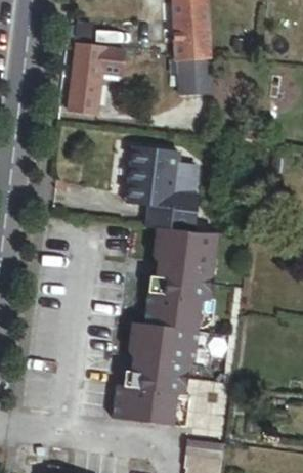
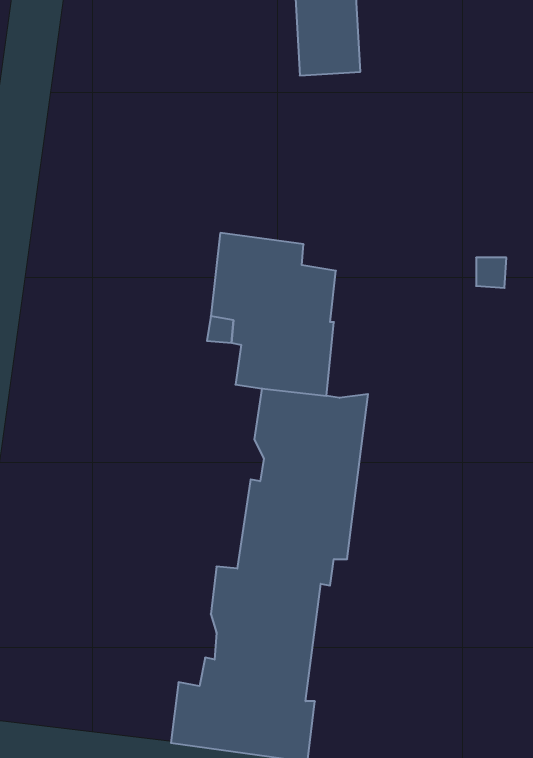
building: [68,46,124,115] -> none
building: [168,61,211,96] -> none

